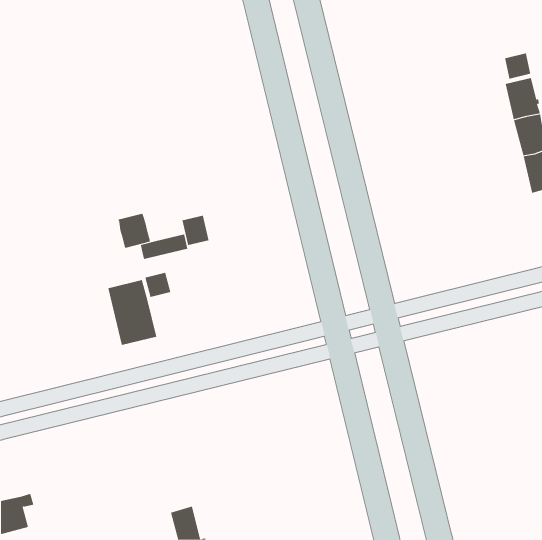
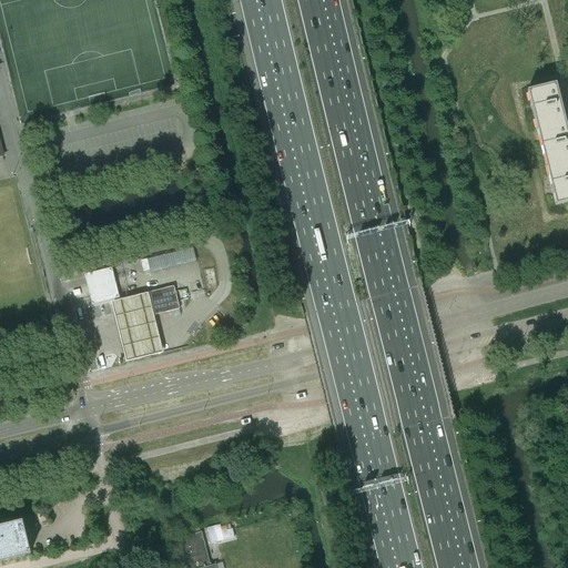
building: [504,53,531,79] -> none
building: [117,213,150,248] -> [85,265,120,302]
building: [182,215,209,246] -> none

